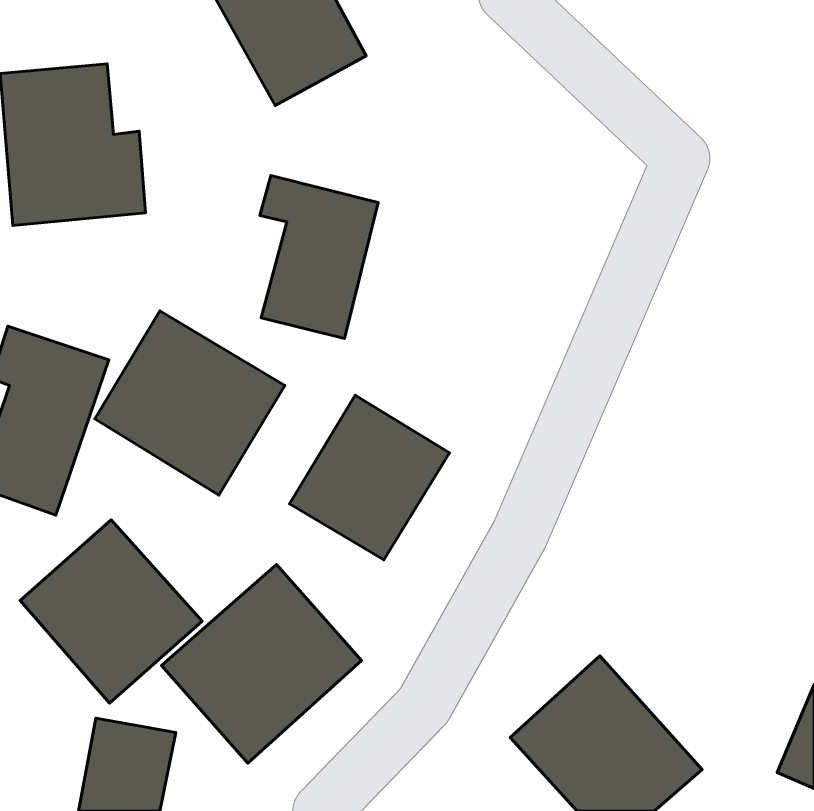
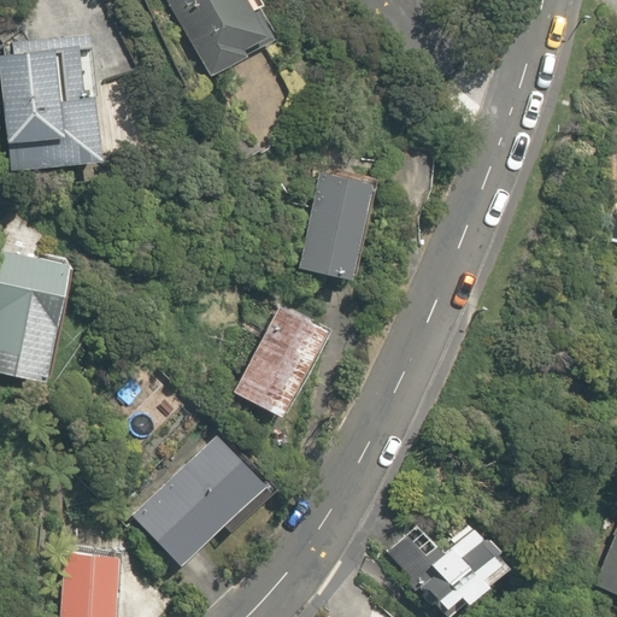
building: [260,175,378,339] -> [294,159,383,282]
building: [95,311,285,495] -> none
building: [20,520,202,703] -> none

